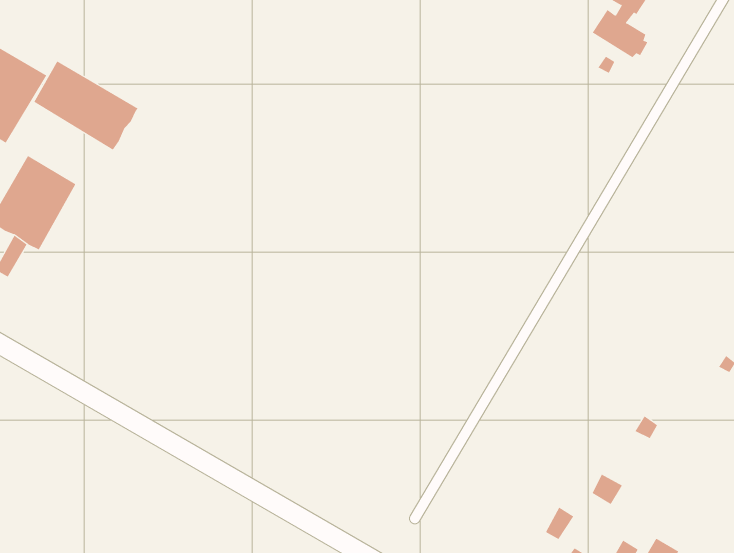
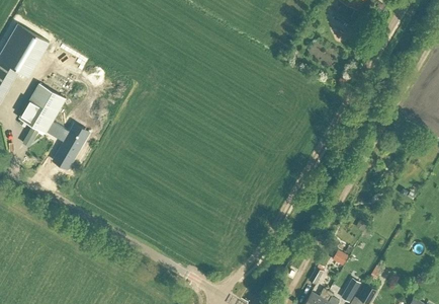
building: [33,60,138,150] -> none
building: none -> [47,120,84,166]

